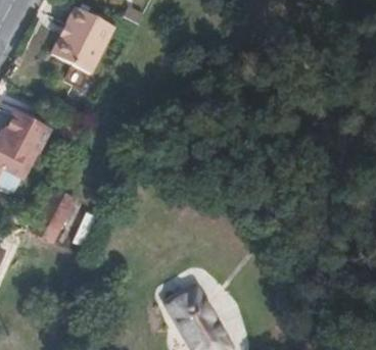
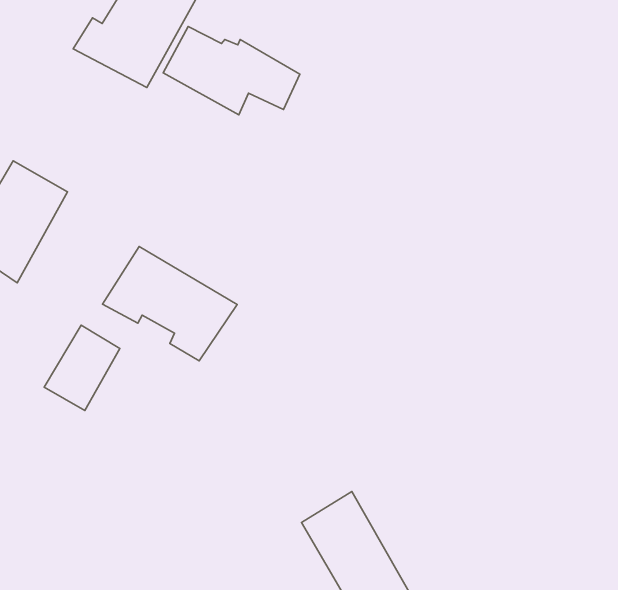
building: none -> [163,27,300,115]
building: none -> [103,246,237,361]

